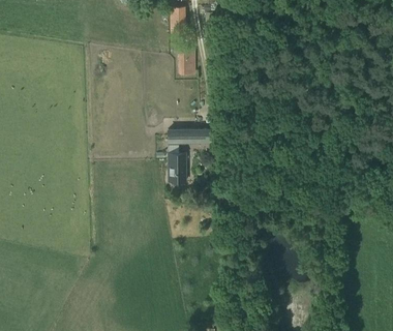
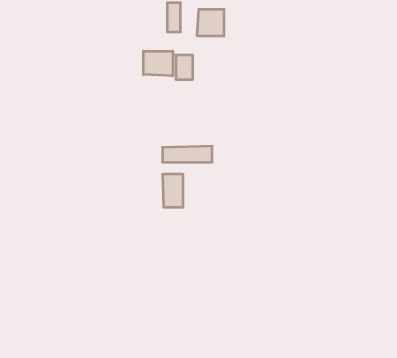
building: none -> [197,9,224,36]
building: none -> [143,51,173,76]

